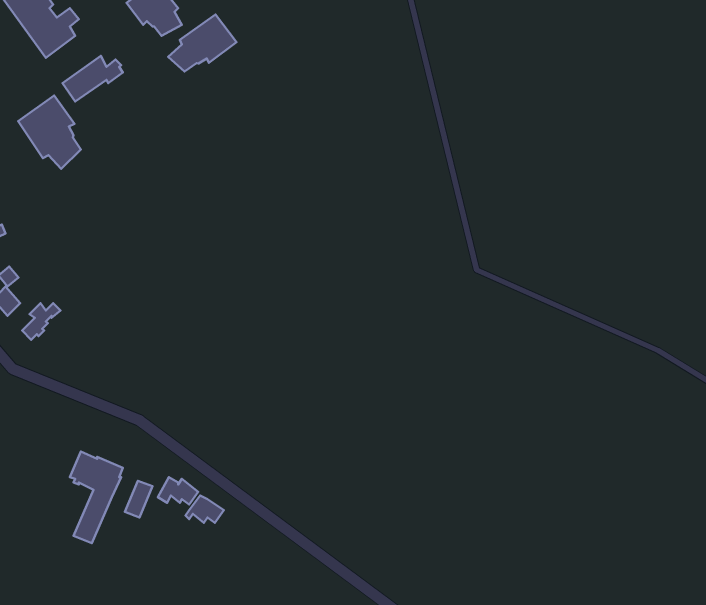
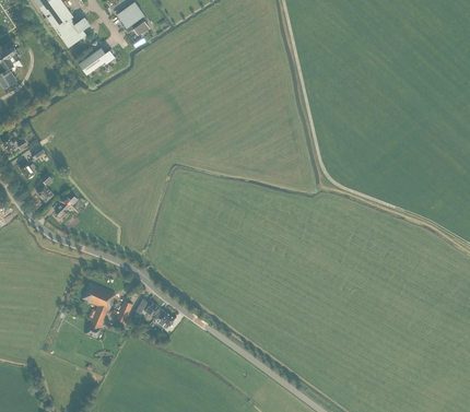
building: [168,14,236,72] -> none
building: [18,96,81,169] -> none

